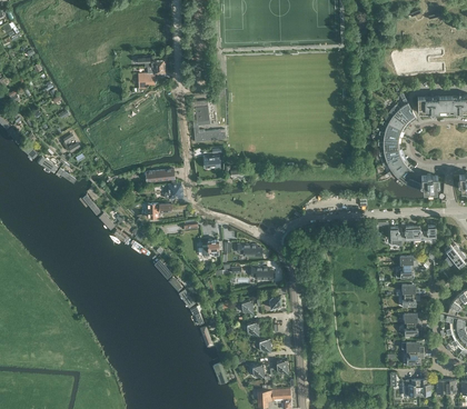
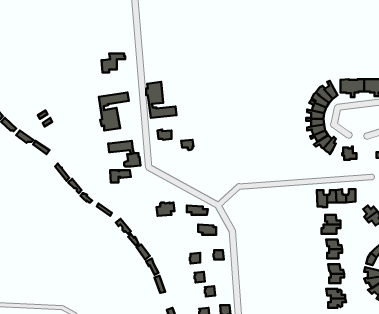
building: none -> [99,92,129,130]

